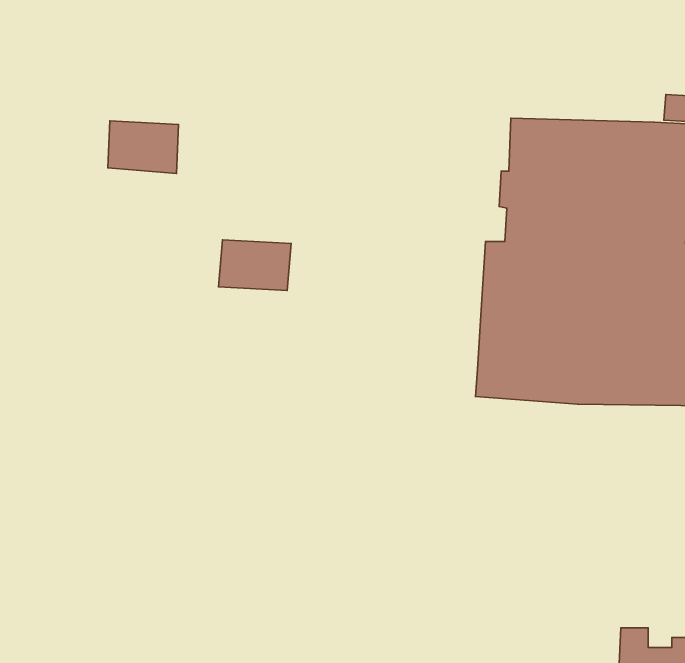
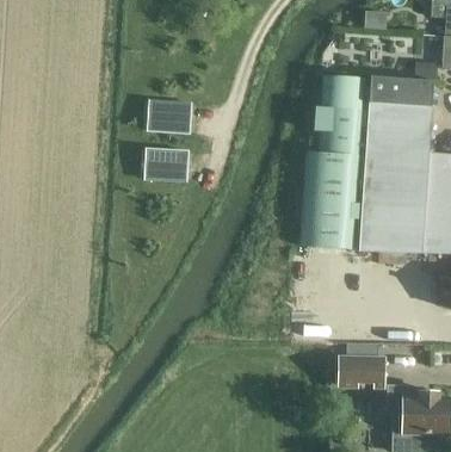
building: [108,121,178,174] -> [148,100,191,132]
building: none -> [336,354,385,389]

